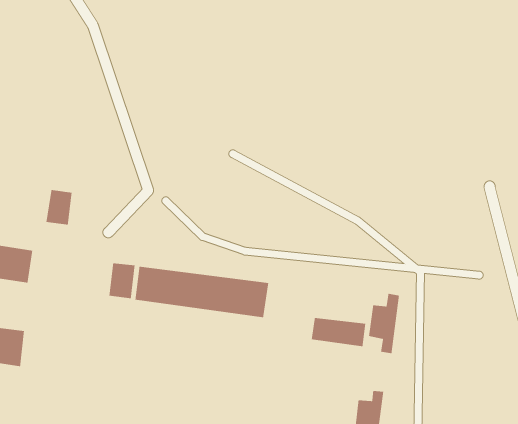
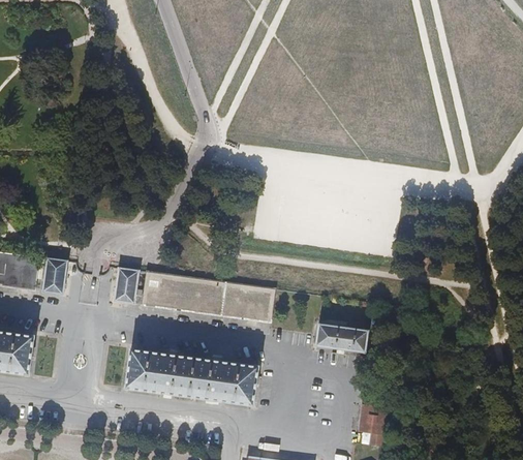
building: [45,189,73,226] -> [41,259,68,296]
building: [368,293,400,354] -> none
building: none -> [127,349,256,402]

